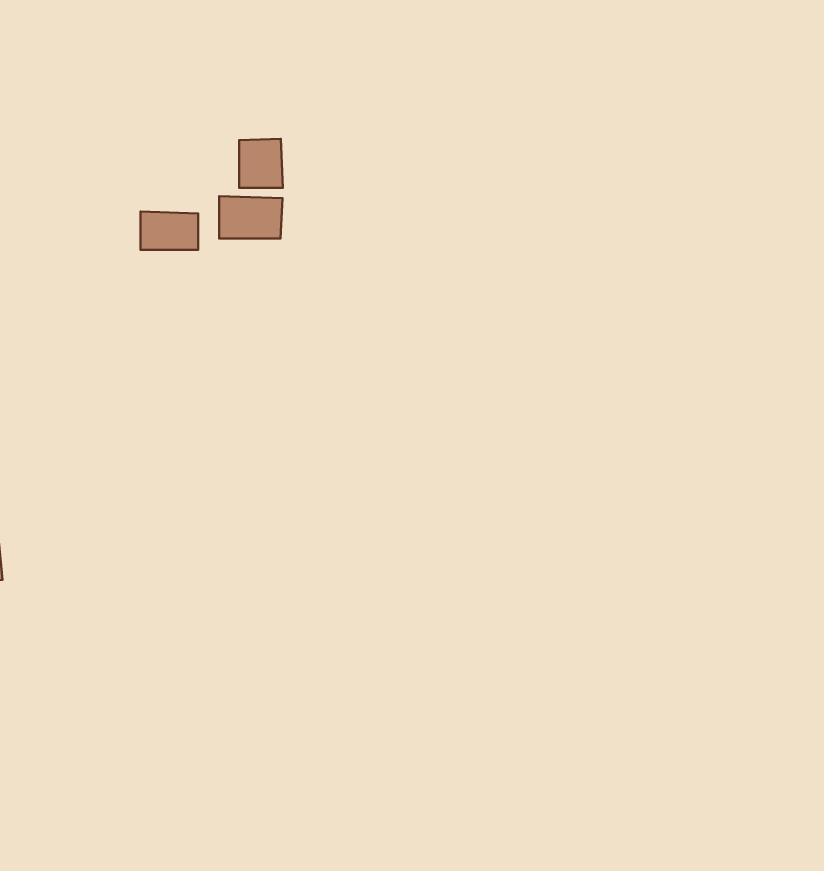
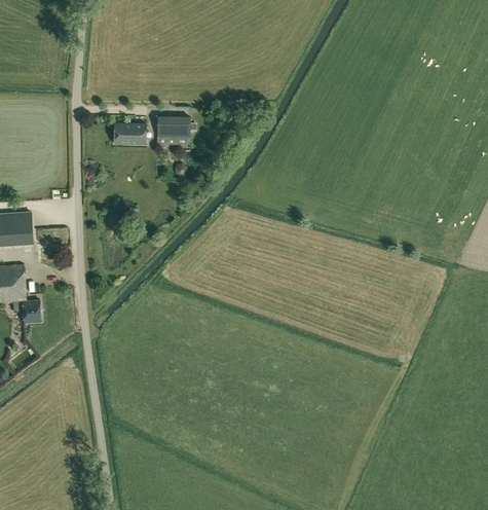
building: [239,139,283,188] -> none

